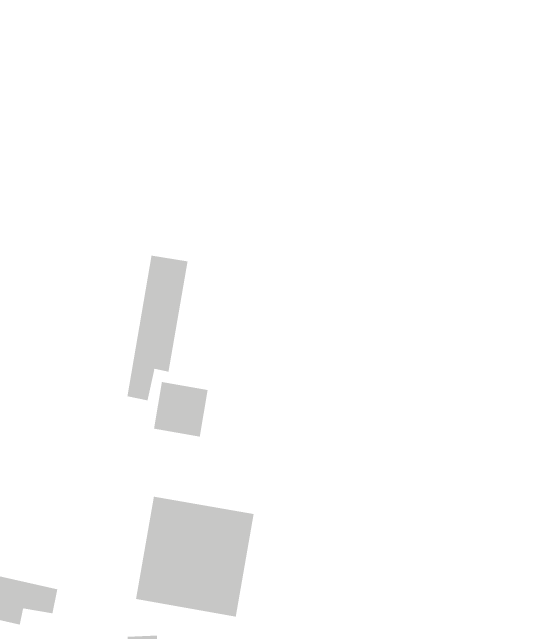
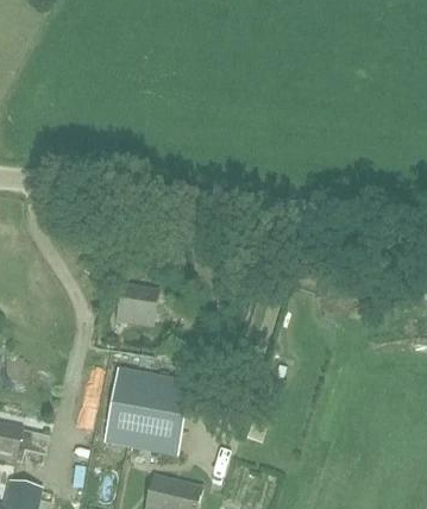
building: [127,255,188,401] -> none

